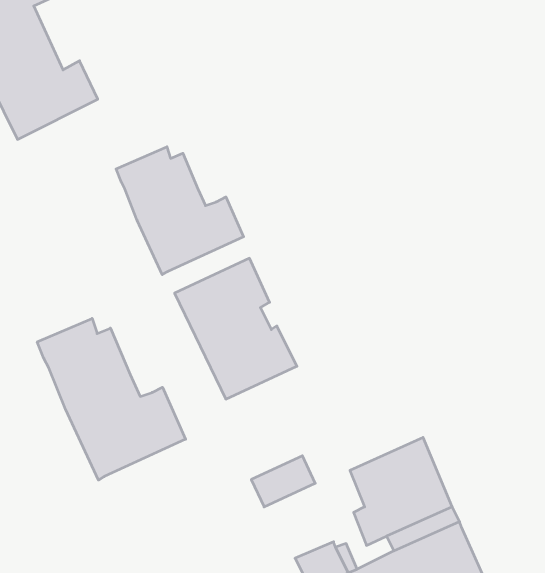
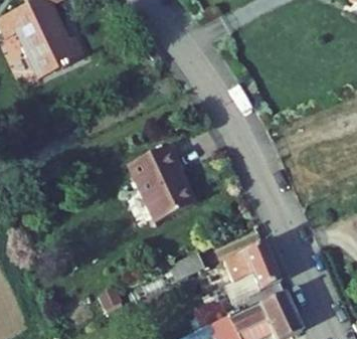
building: [116,147,244,275] -> none
building: [37,318,186,480] -> none

